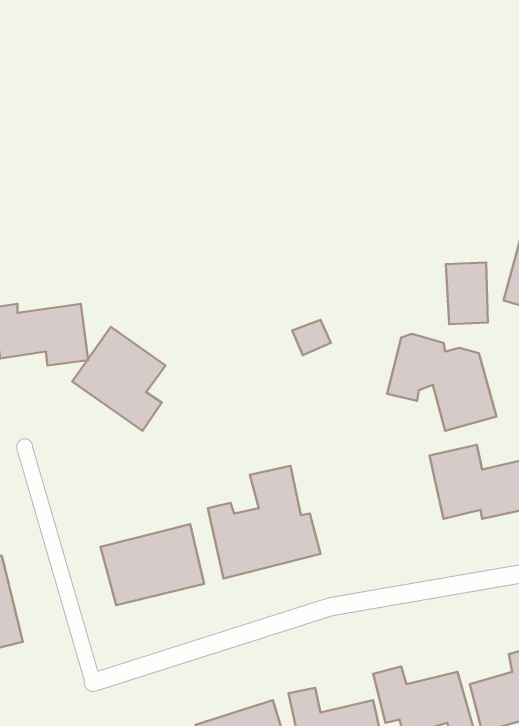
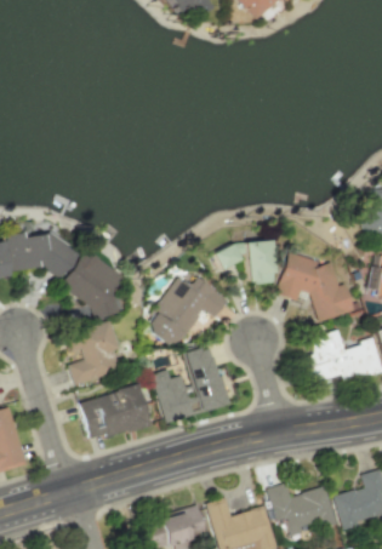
building: [446,262,488,324] -> [244,241,273,284]
building: none -> [143,278,228,350]
building: none -> [68,322,121,385]

